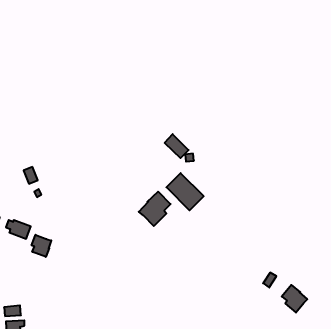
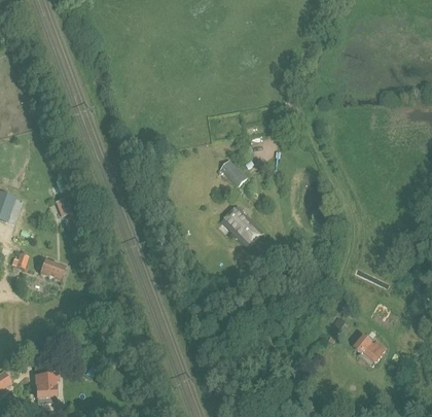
building: [139,192,171,226] -> none
building: [32,235,51,257] -> none

